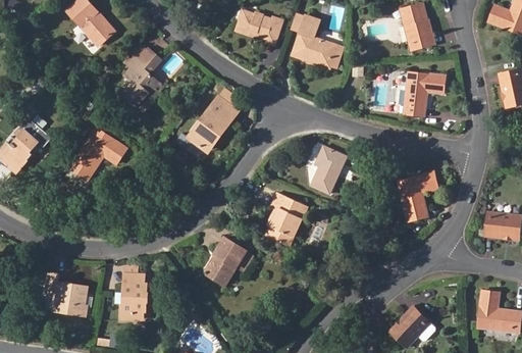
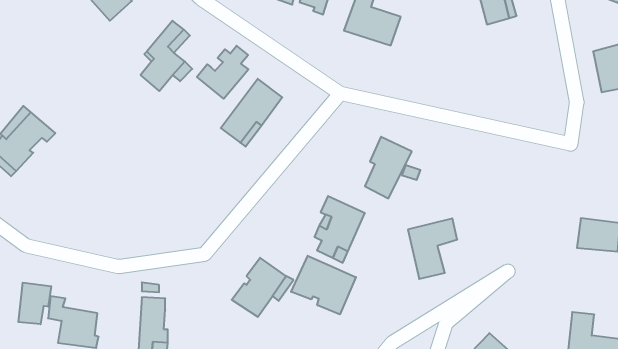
building: none -> [197,46,248,99]
building: [403,71,445,116] -> none
building: [69,129,126,182] -> none
building: [397,171,437,221] -> [408,218,457,279]
building: none -> [291,256,356,314]
building: none -> [18,283,51,324]

